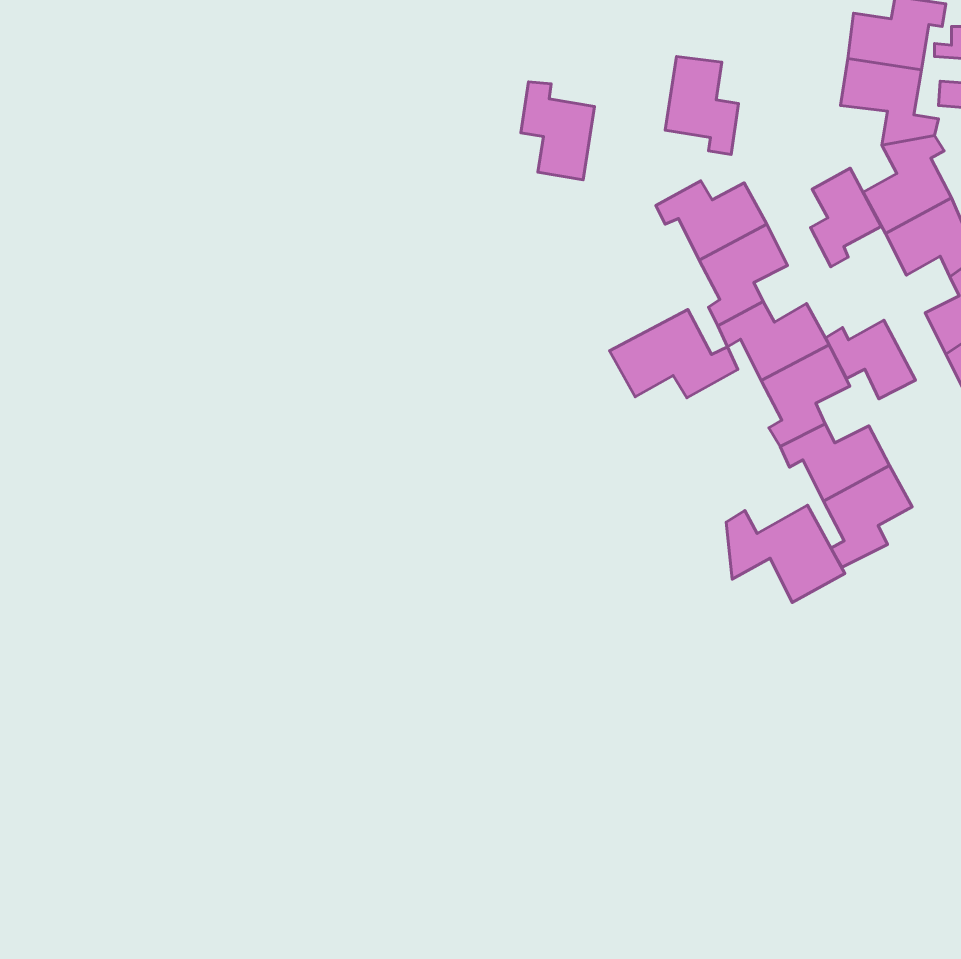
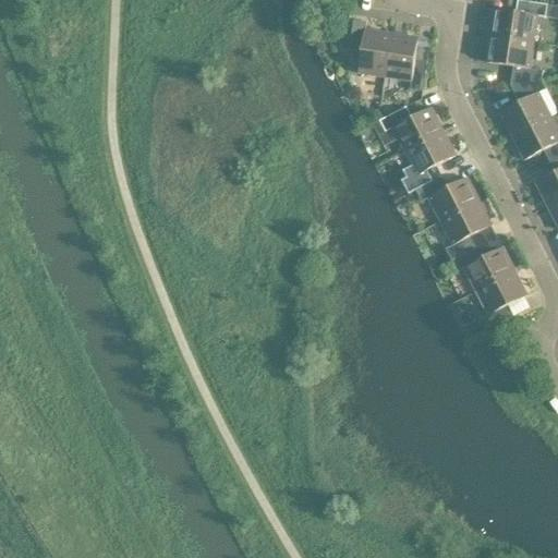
building: [521,82,594,180] -> [350,19,392,75]
building: [811,168,881,267] -> none
building: [609,310,738,398] -> none
building: [826,320,916,399] -> none
building: [726,505,845,603] -> none

